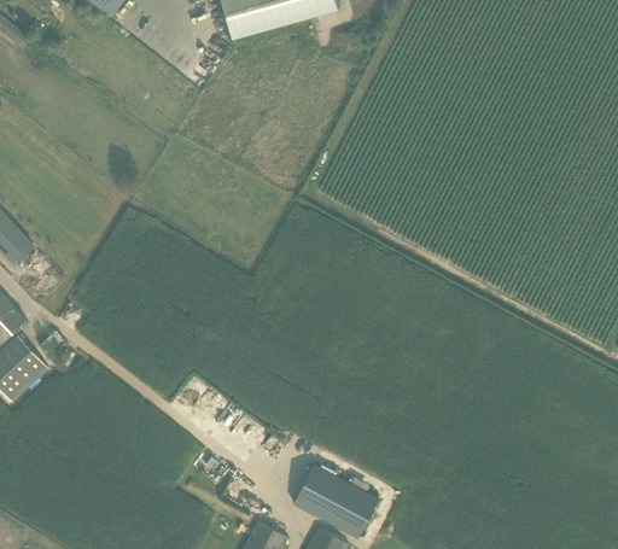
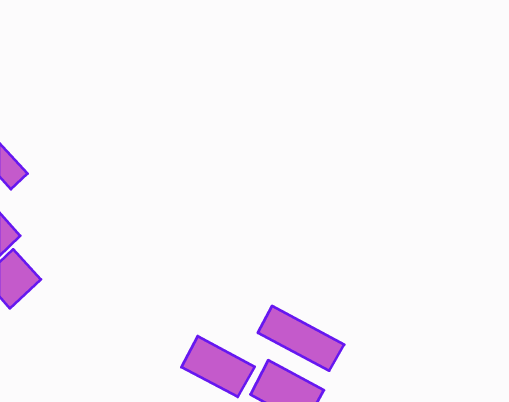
building: none -> [258,306,344,371]
building: none -> [181,336,255,397]

